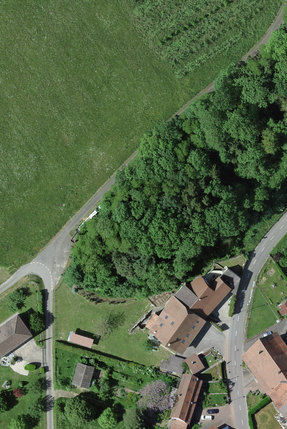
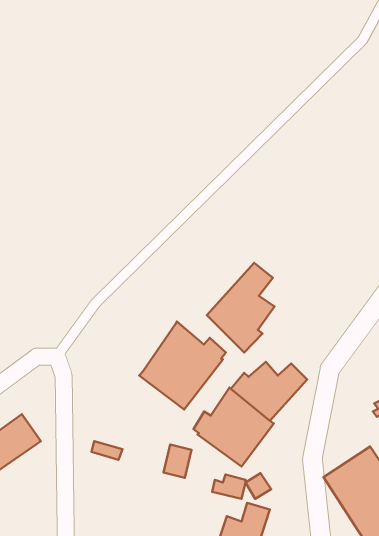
building: none -> [207,263,274,353]
building: none -> [139,321,226,409]
building: [73,361,94,386] -> [163,444,192,478]

